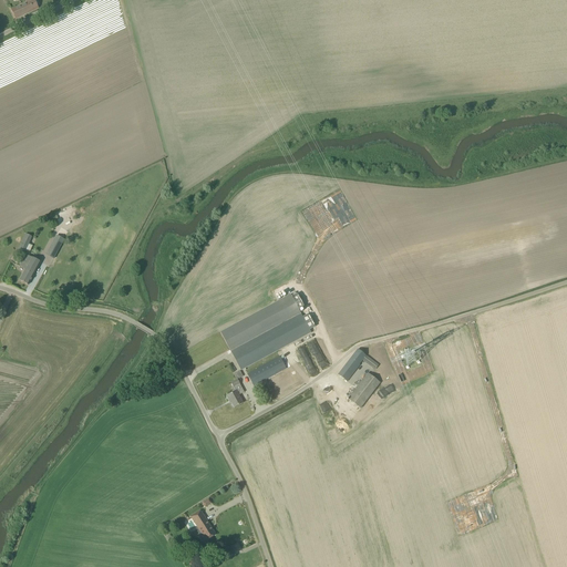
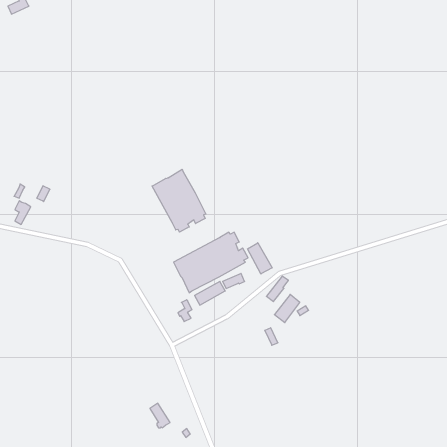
building: none -> [152,169,206,232]
building: none -> [248,243,272,274]

